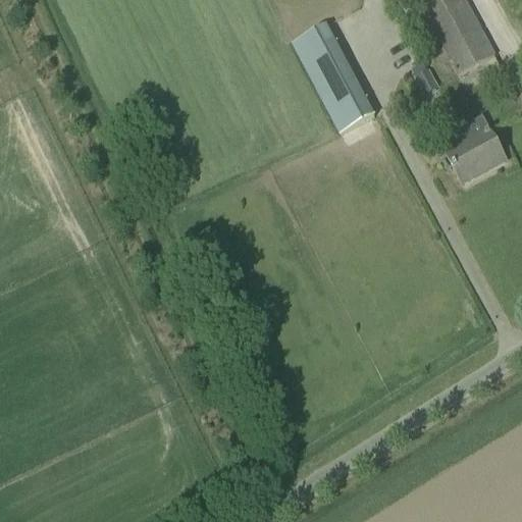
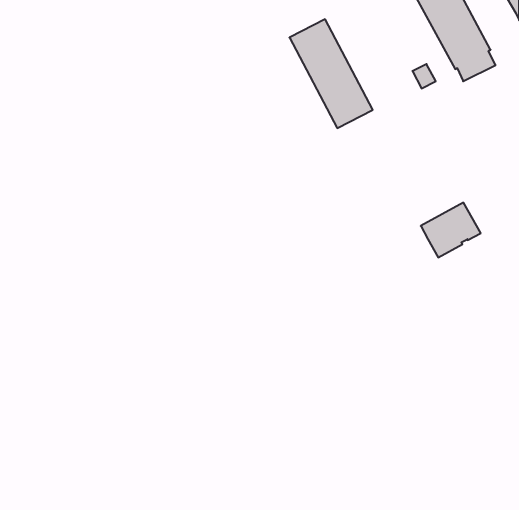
building: [445,123,505,178] -> [421,203,481,257]

